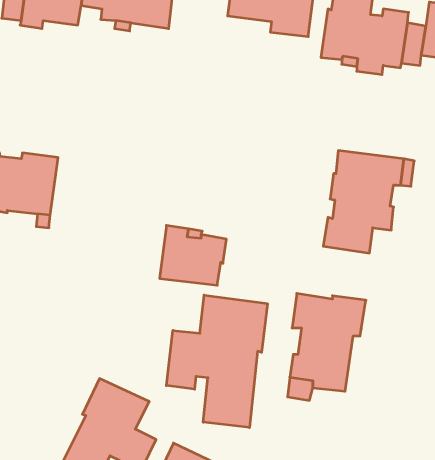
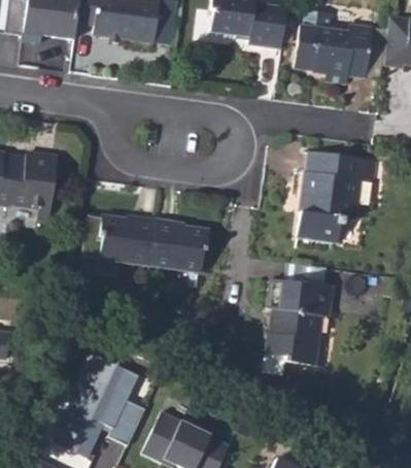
building: none -> [98,216,155,266]
building: [166,295,267,428] -> none

